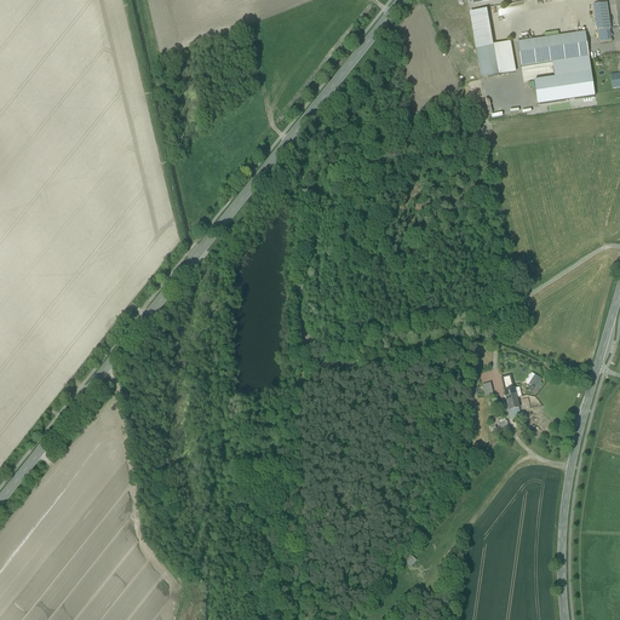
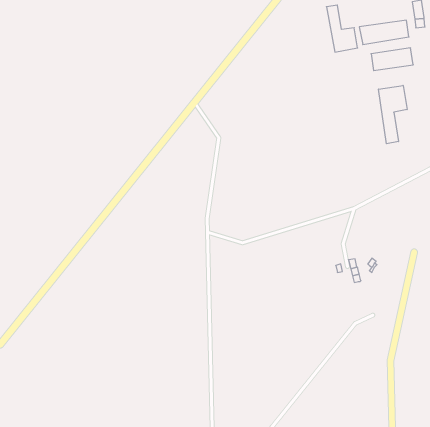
building: none -> [379,85,407,144]

